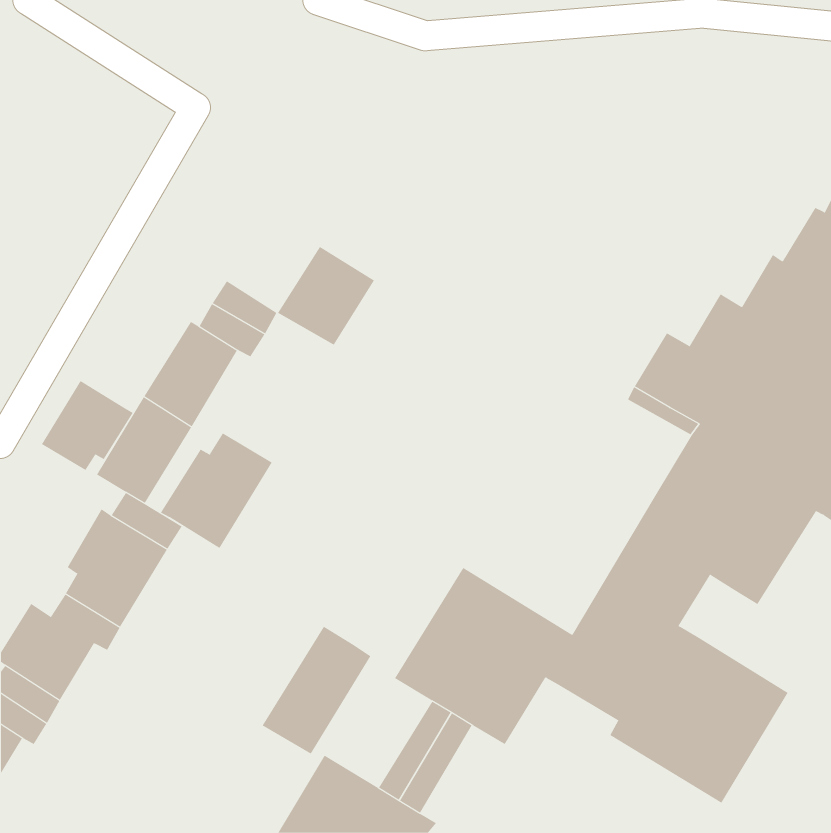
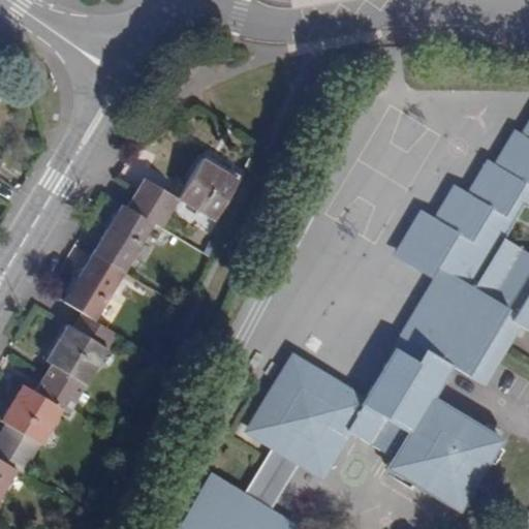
building: [41,380,134,471] -> none
building: [160,433,273,549] -> none
building: [262,626,371,754] -> none

